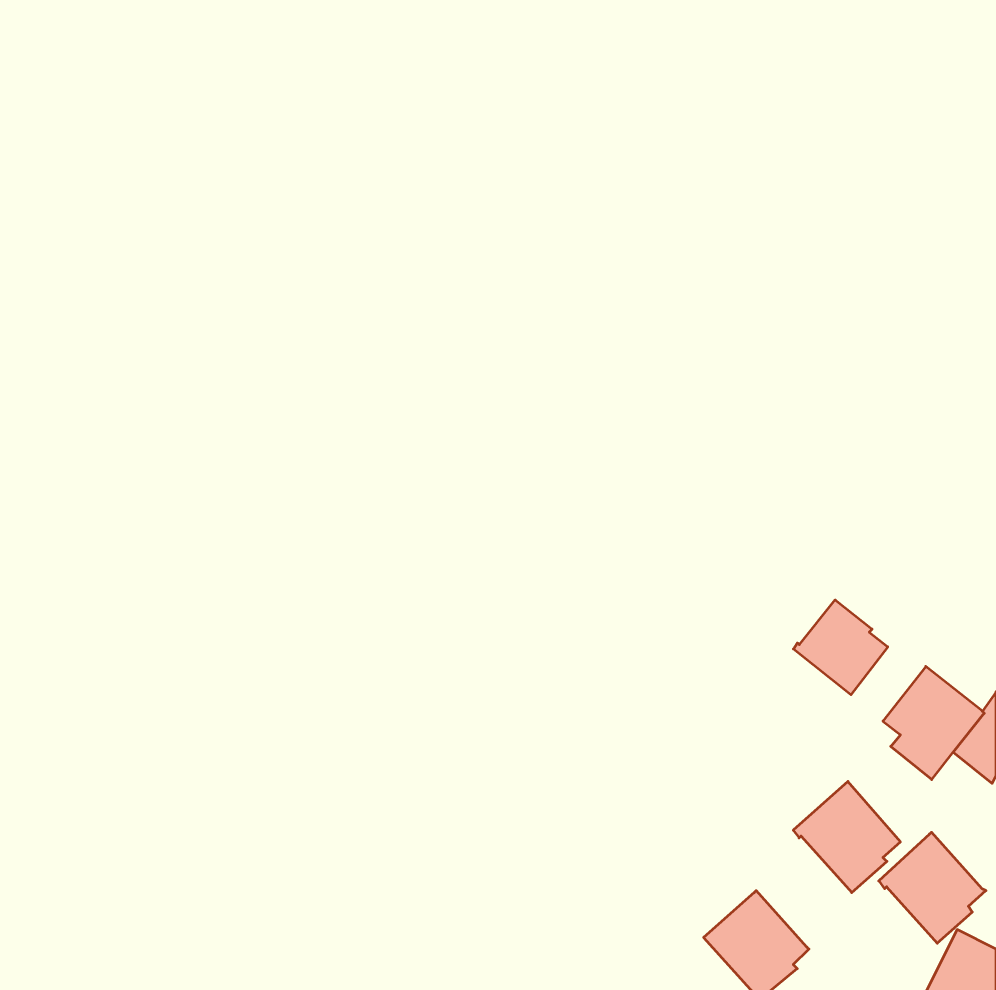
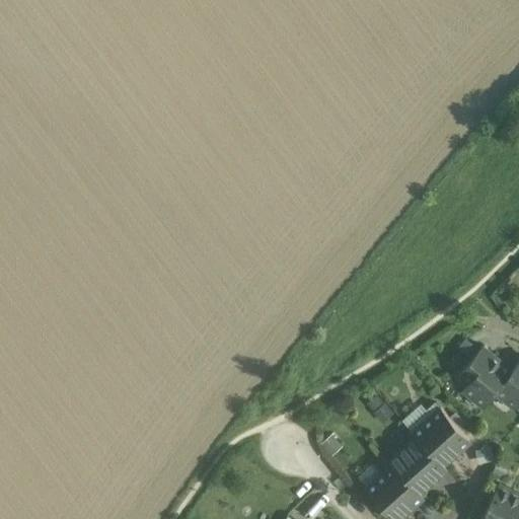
building: [793,600,888,695] -> none
building: [879,832,986,943] -> [389,438,445,496]

